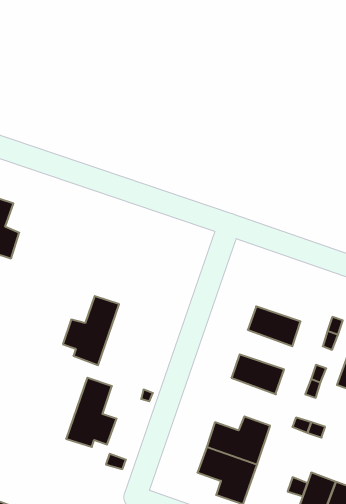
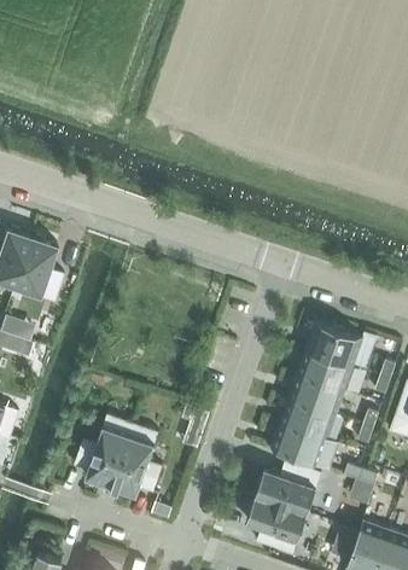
building: none -> [307,321,363,366]
building: [63,296,119,365] -> [75,415,133,487]
building: none -> [290,374,344,415]
building: none -> [272,424,338,470]

